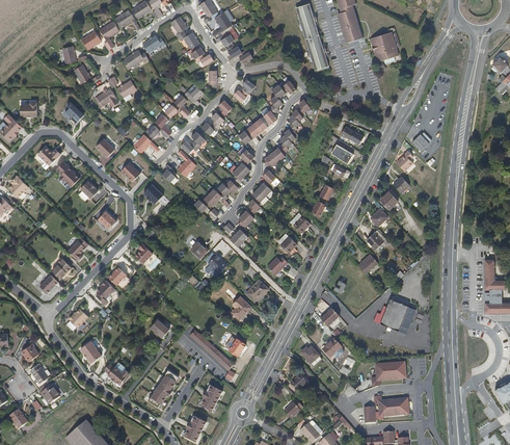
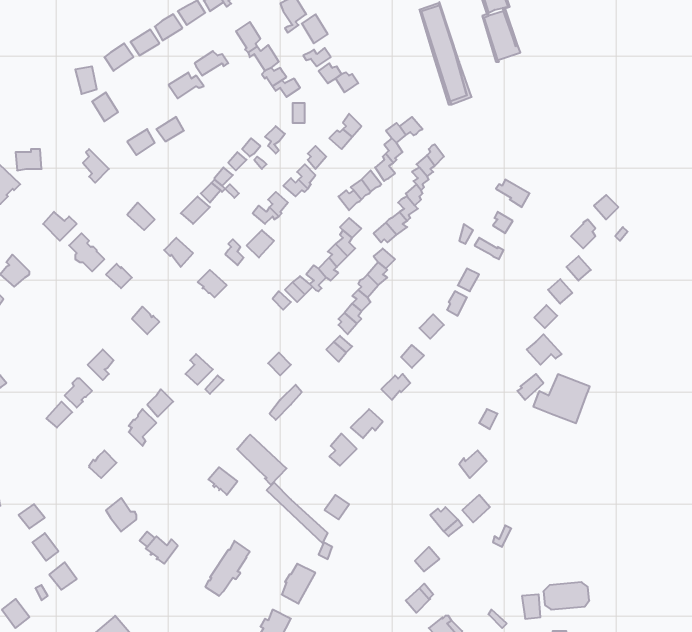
building: [370,31,400,61] -> none
building: none -> [237,435,287,485]
building: [374,298,412,332] -> [533,374,590,423]
building: [376,361,406,379] -> none

